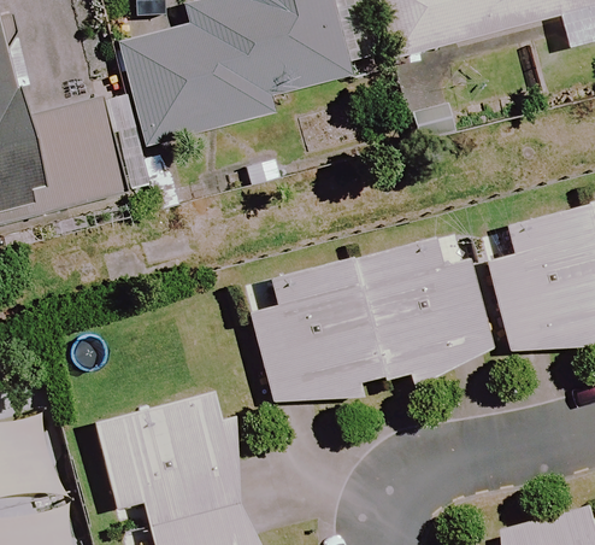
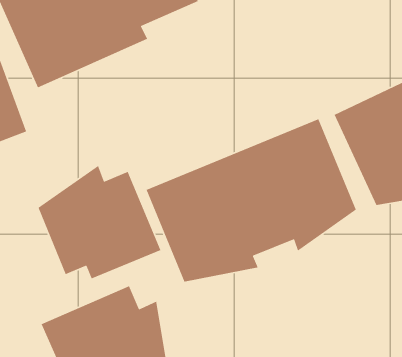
building: none -> [37,165,161,280]

